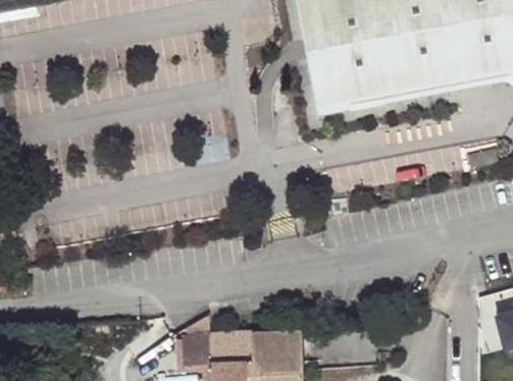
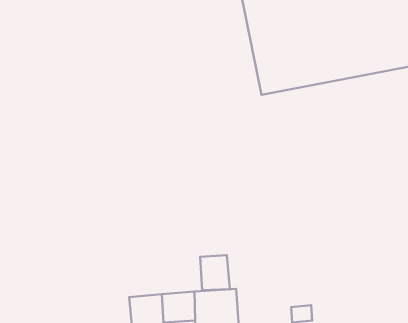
building: none -> [200,255,230,290]

